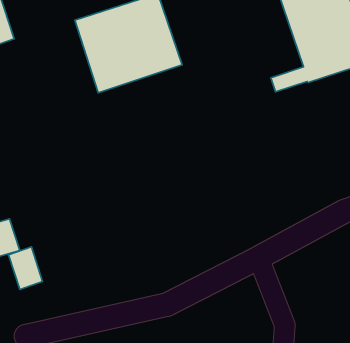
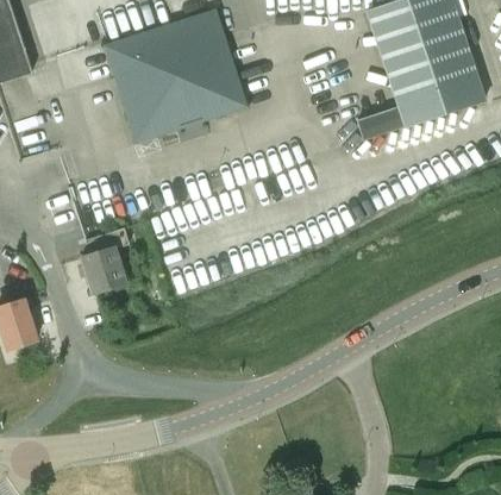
building: none -> [81,228,130,294]
building: [9,247,43,289] -> none

